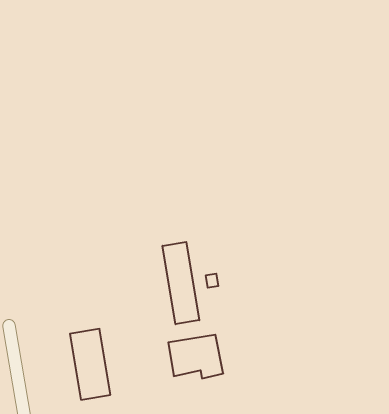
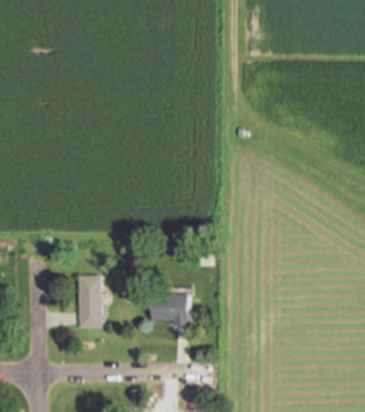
building: [163,242,199,324] -> none

